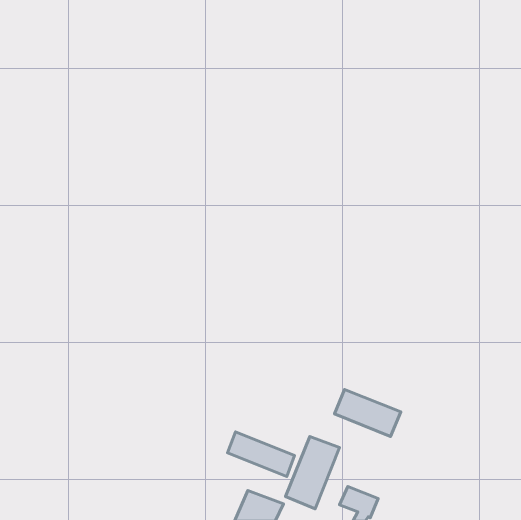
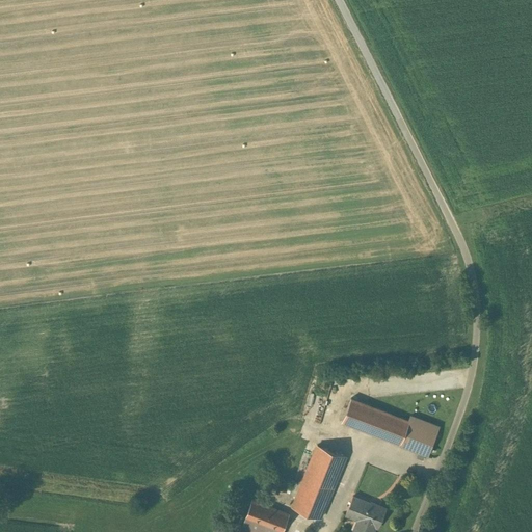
building: none -> [398,415,440,456]
building: [228,432,295,476] -> none

